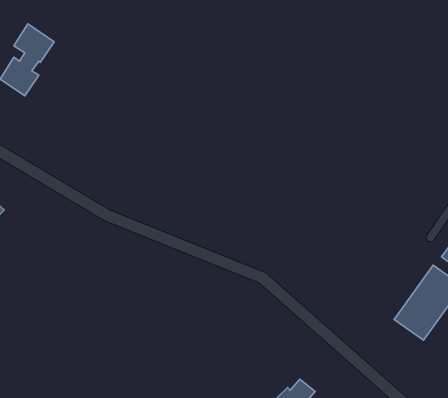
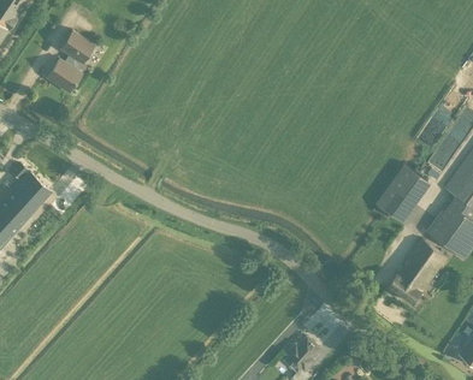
building: none -> [376,165,427,220]

